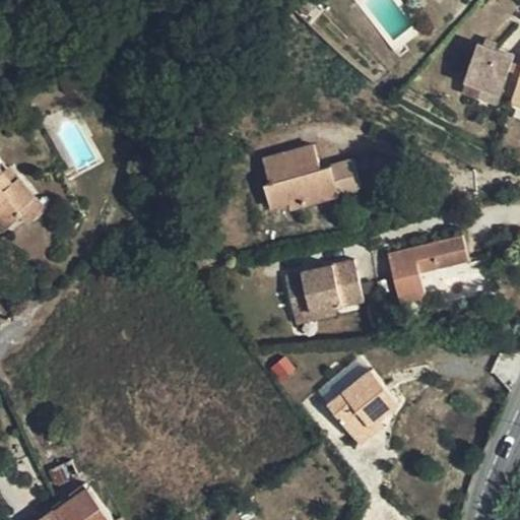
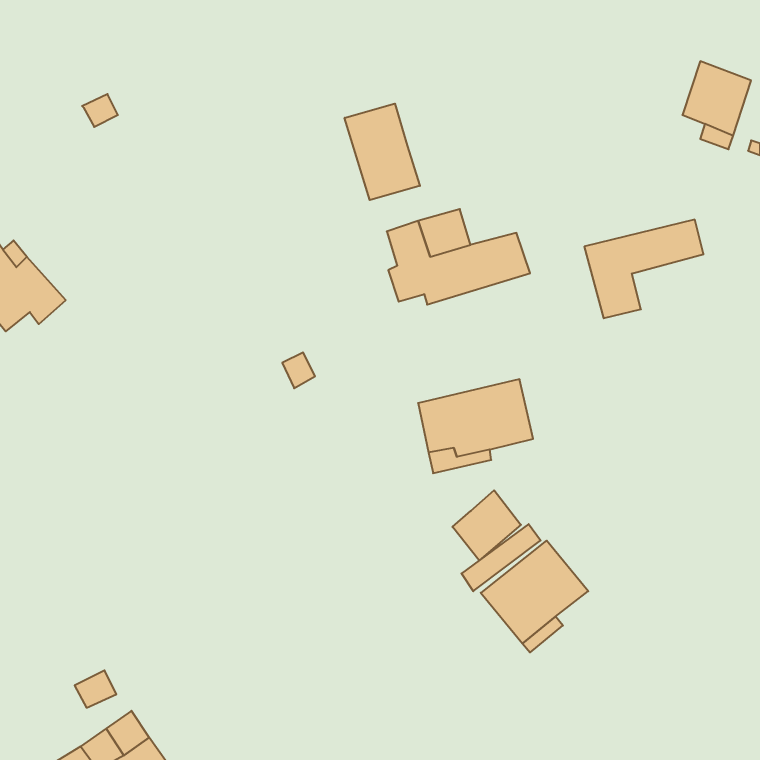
building: none -> [345,104,420,200]
building: [386,237,467,304] -> [584,220,704,318]
building: none -> [452,490,521,560]

